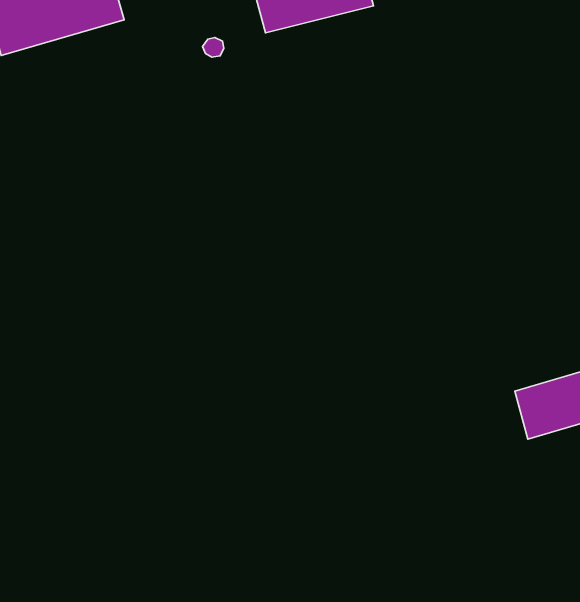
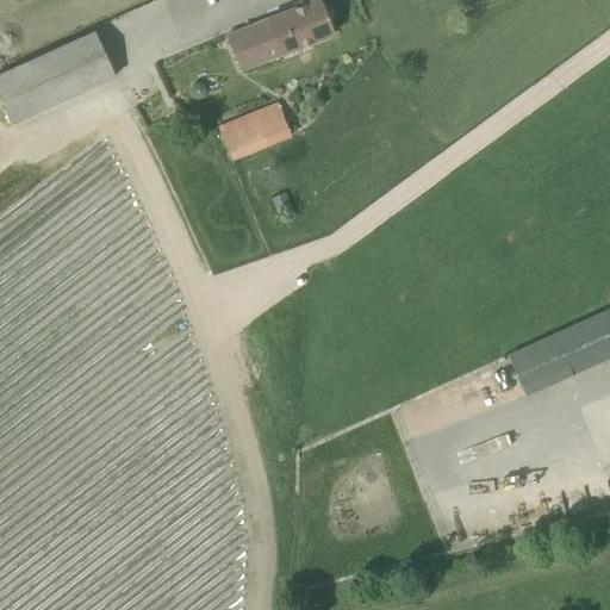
building: none -> [218,101,292,160]

